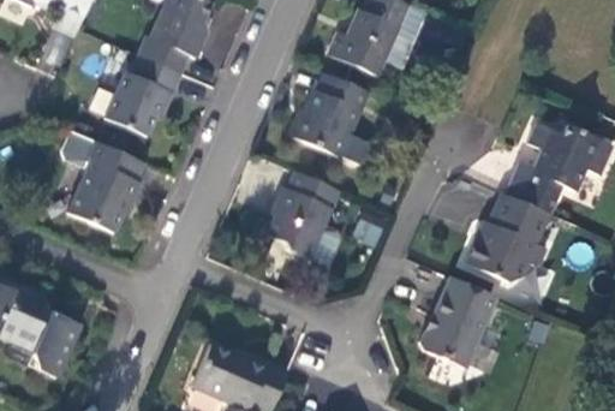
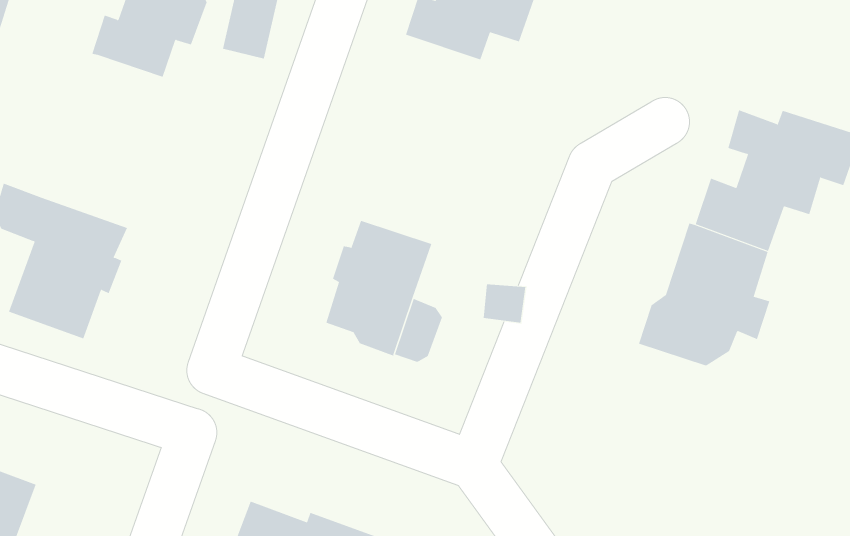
building: [102,58,179,139] -> none
building: [289,72,366,156] -> none
building: [419,275,497,364] -> none

